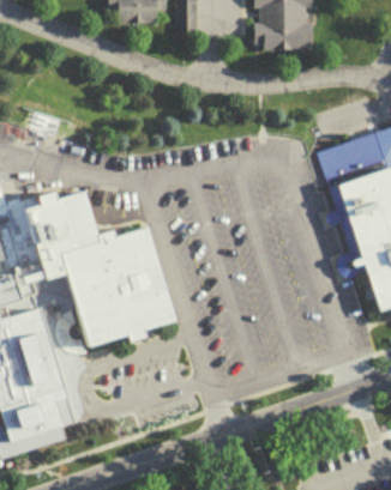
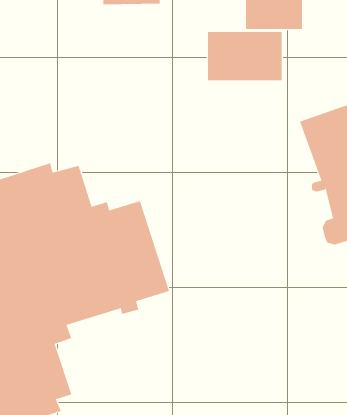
building: none -> [207,31,282,81]

